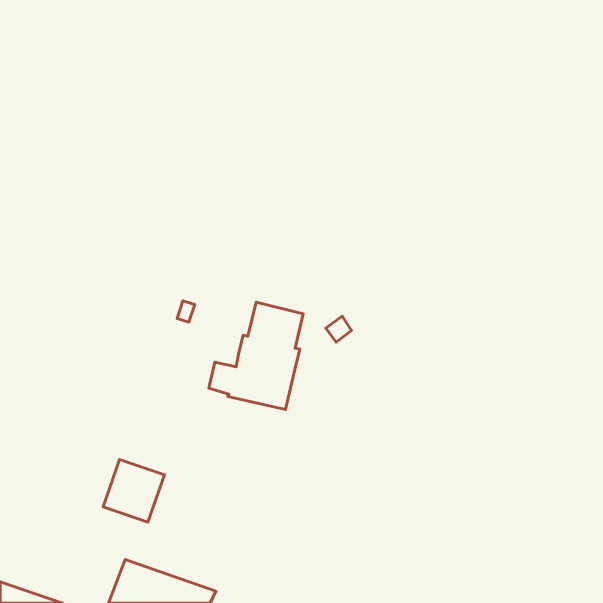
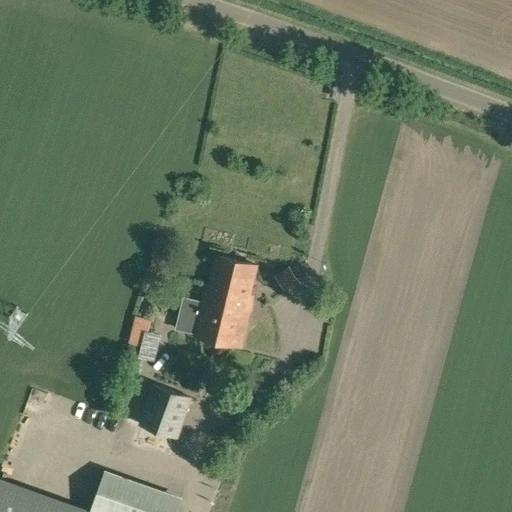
building: [103,460,164,522] -> [140,385,192,438]

